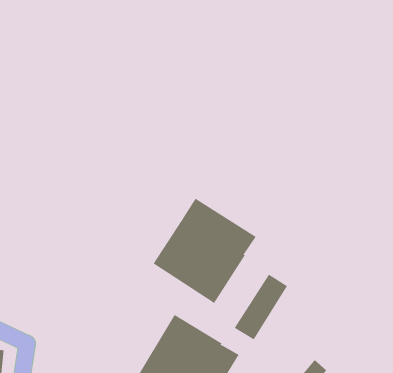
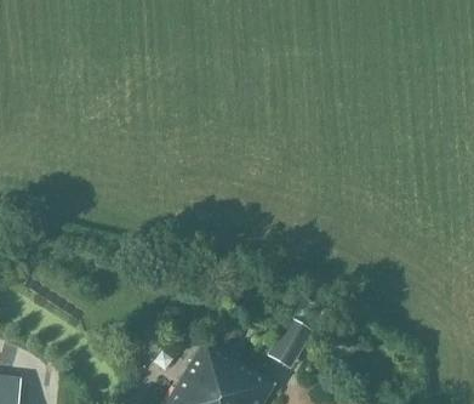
building: [153,198,256,304] -> none

